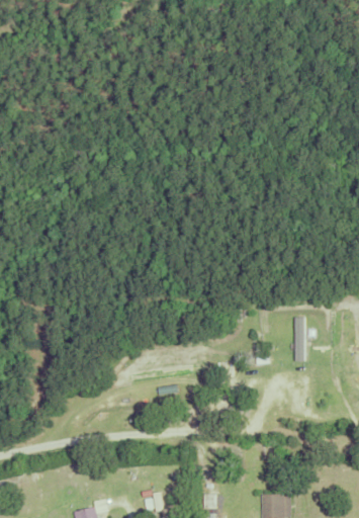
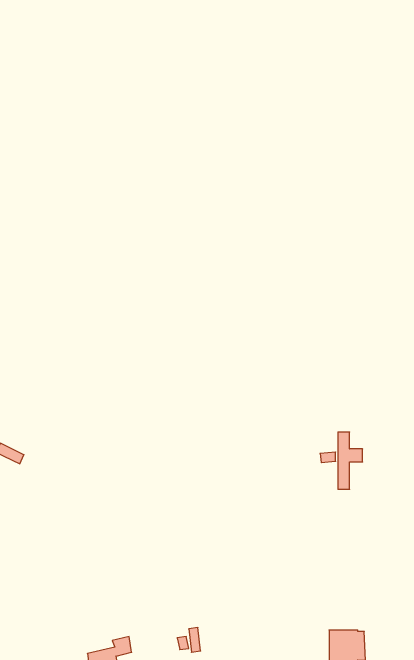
building: [294,316,313,360] -> [338,432,363,489]

